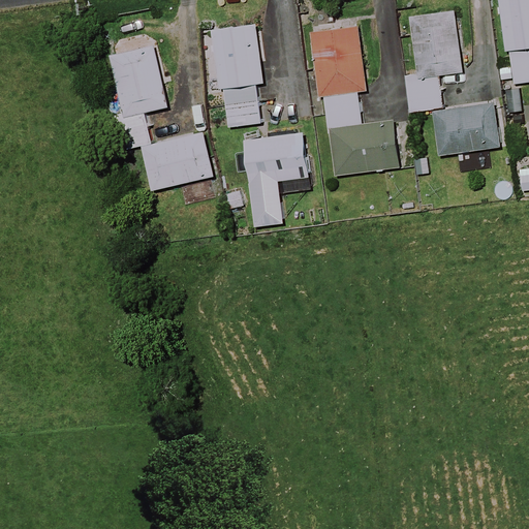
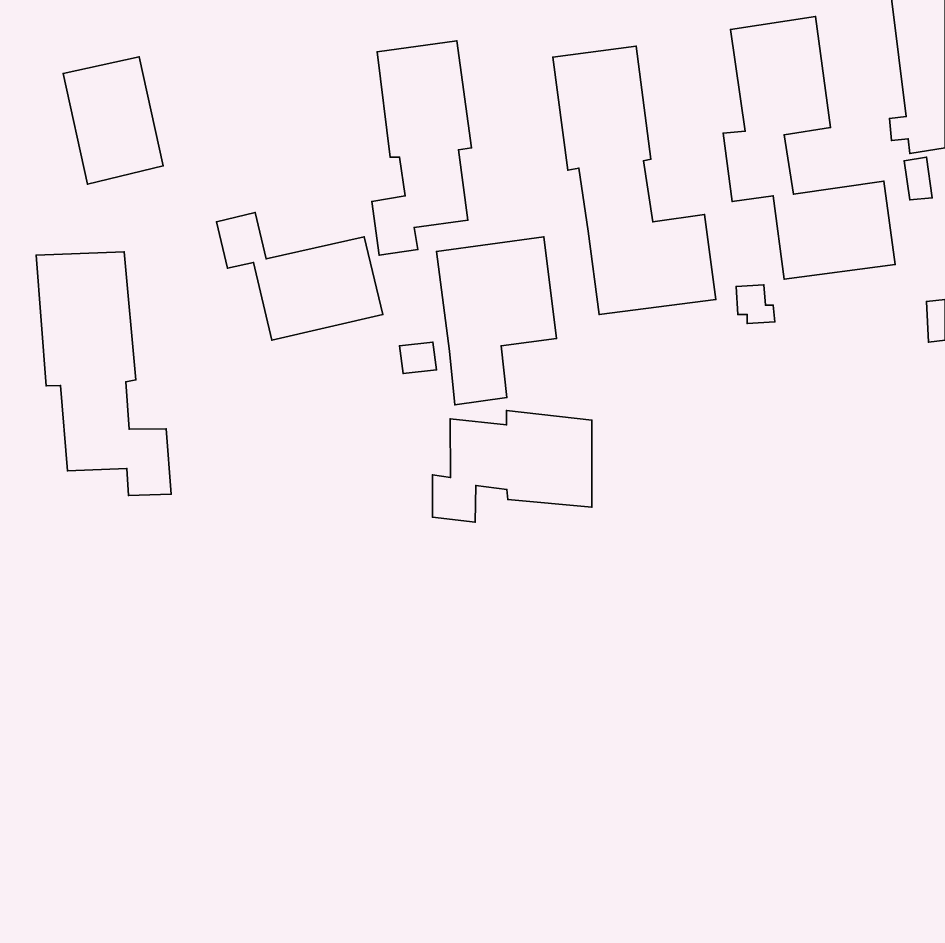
building: [112,45,167,117] -> [63,57,163,184]
building: none -> [36,252,171,496]
building: none -> [432,411,592,522]

